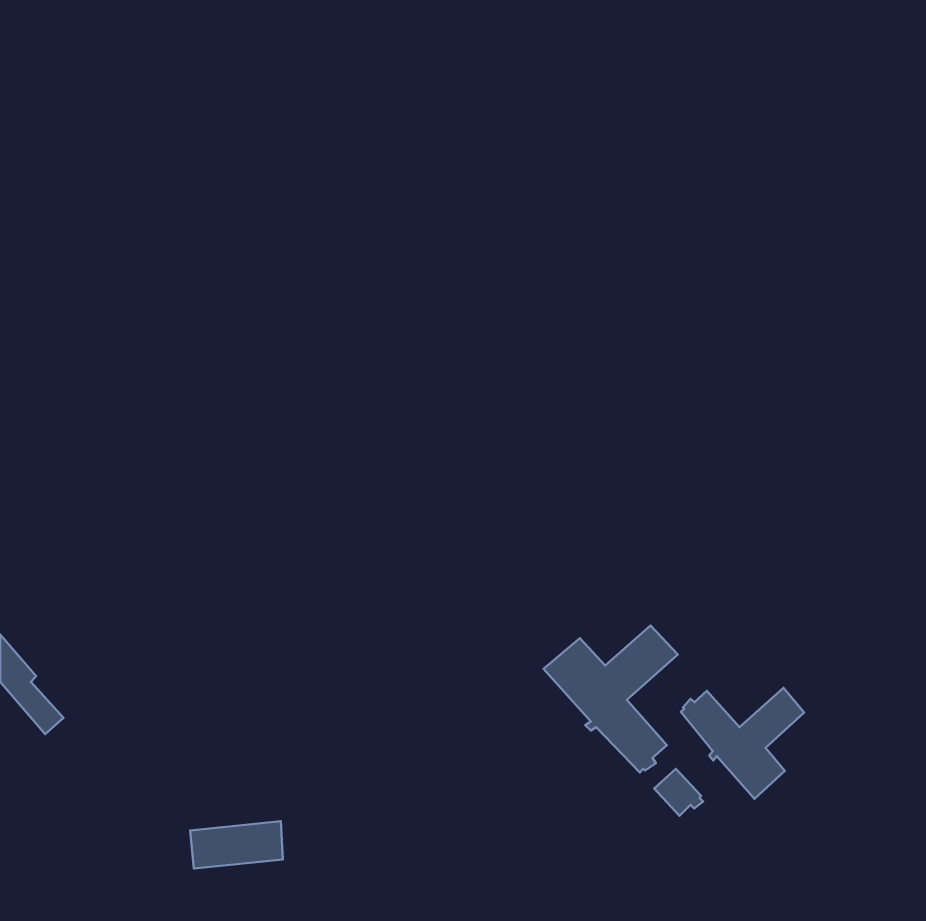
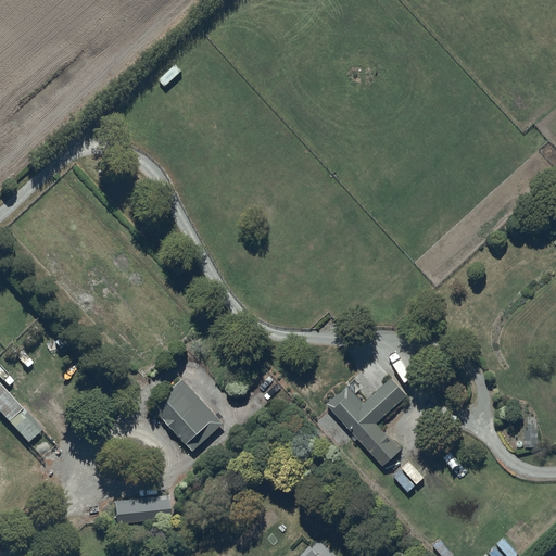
building: none -> [152,379,224,451]
building: [681,688,804,799] -> none

